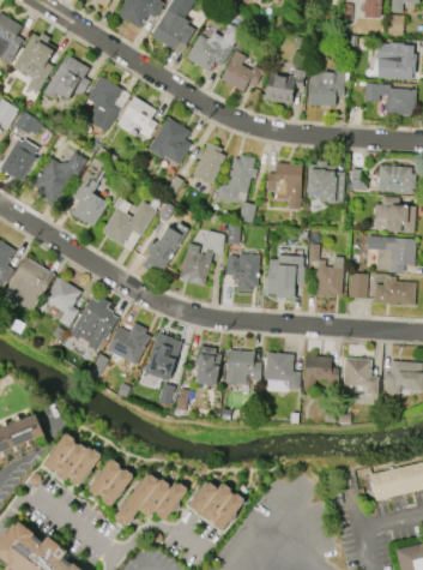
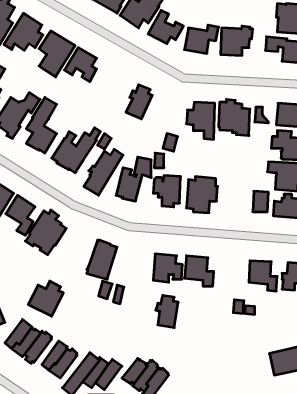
building: [147,118,191,166] -> none
building: [216,155,256,204] -> none
building: [307,245,343,298] -> none
building: [107,323,150,366] -> [28,281,63,316]
building: [193,347,220,386] -> [156,295,178,328]
building: [302,355,338,390] -> none

